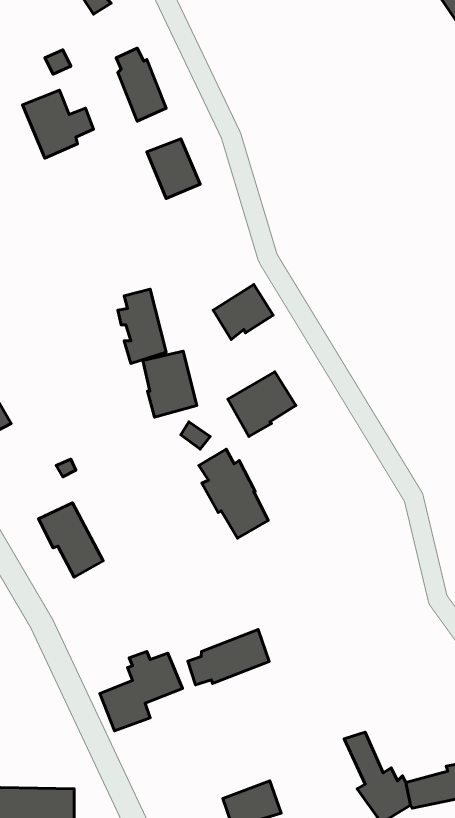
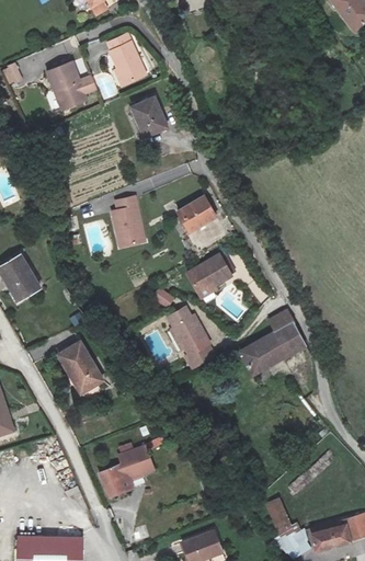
building: [143,351,197,417] -> none
building: none -> [238,311,301,375]
building: [188,629,269,685] -> none

